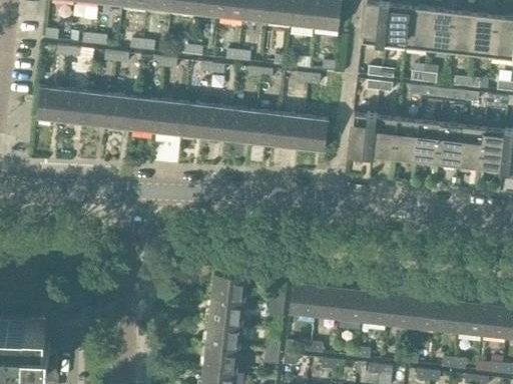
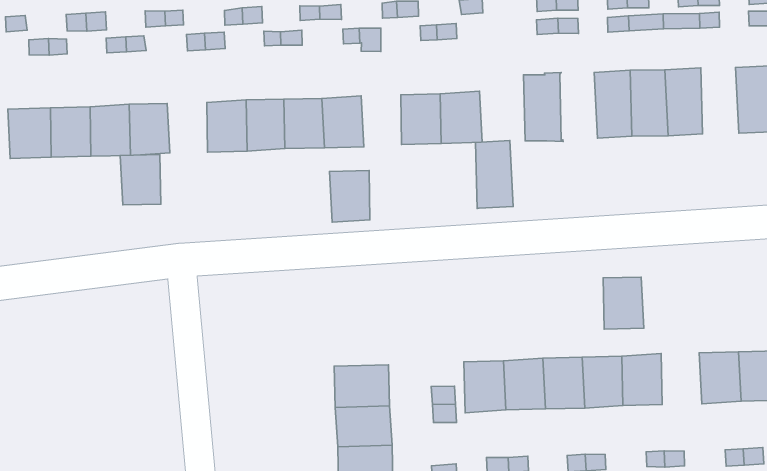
building: [133,99,160,132] -> [120,155,161,205]
building: [251,112,279,145] -> [330,170,370,222]
building: [372,117,398,159] -> [475,141,513,208]
building: [458,126,484,169] -> none
building: [409,296,436,330] -> [603,277,644,329]

